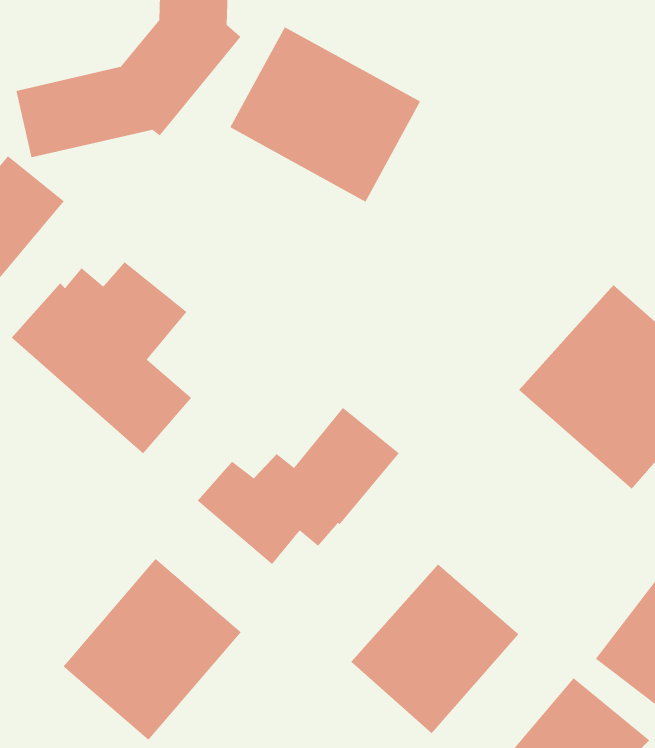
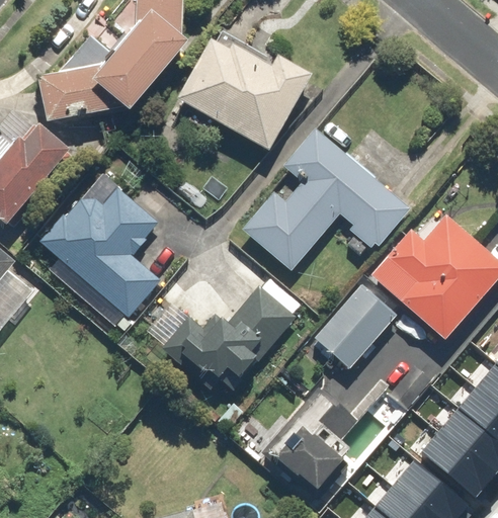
building: none -> [243,126,411,268]
building: none -> [317,286,396,367]
building: [62,558,242,741] -> none

